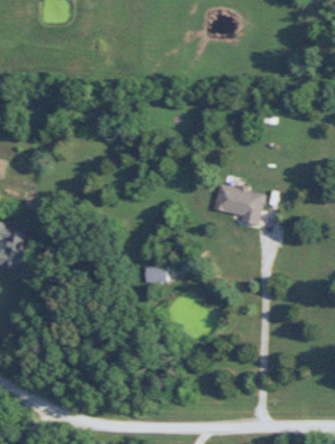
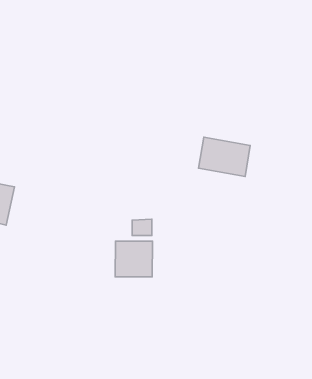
building: none -> [115,241,153,277]

